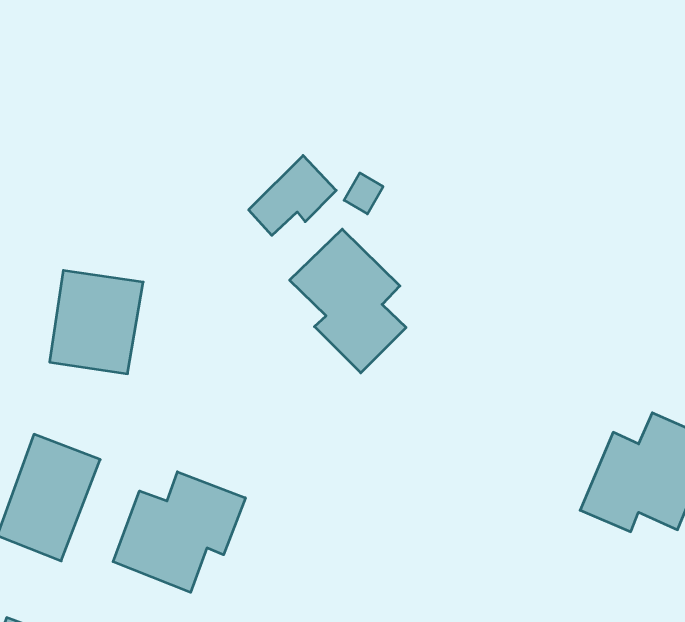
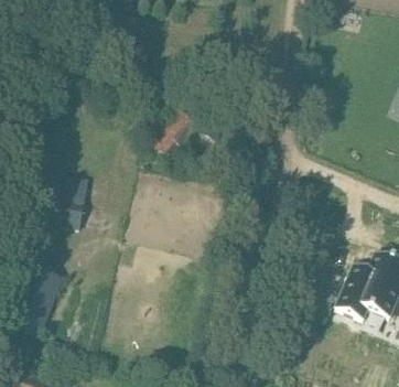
building: [290,229,406,373] -> none
building: [113,472,245,592] -> none

